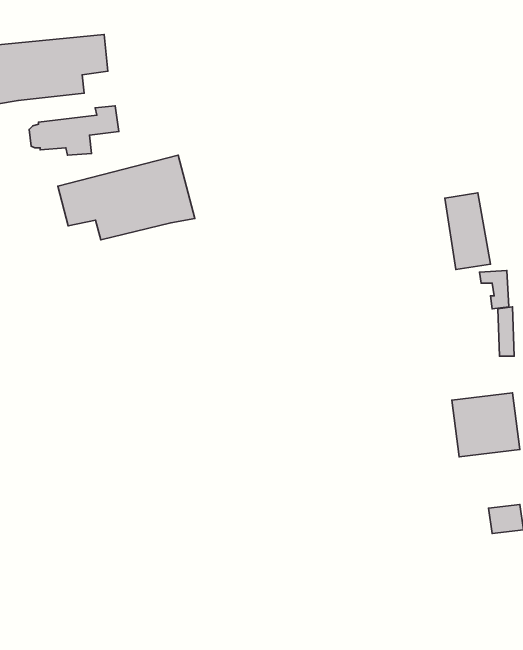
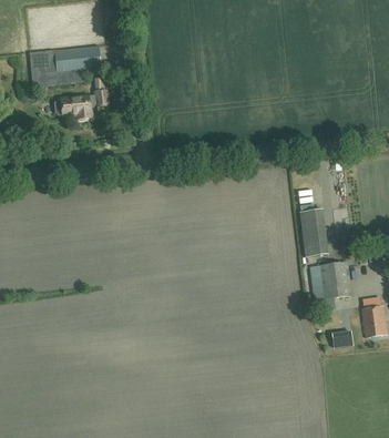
building: [58,155,195,240] -> none
building: [445,193,491,270] -> [301,206,329,253]

